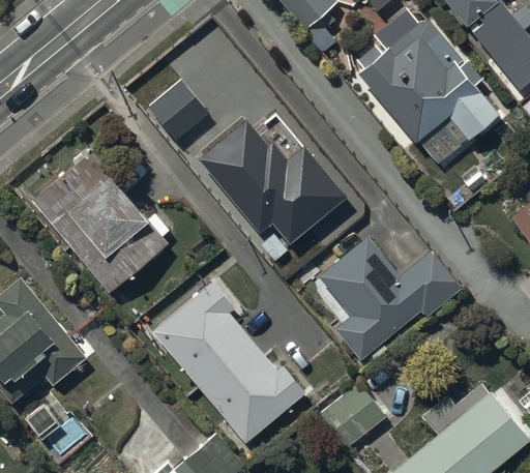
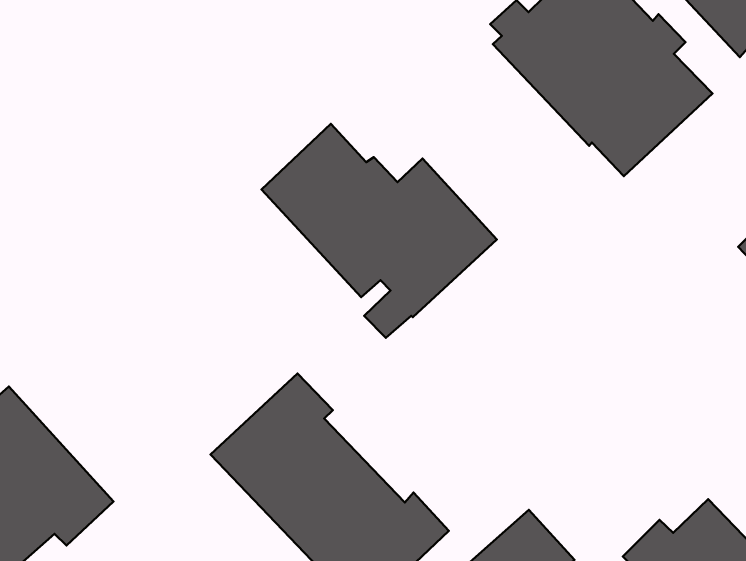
building: [148,81,209,142] -> none
building: [32,151,169,293] -> none
building: [318,236,462,362] -> none

